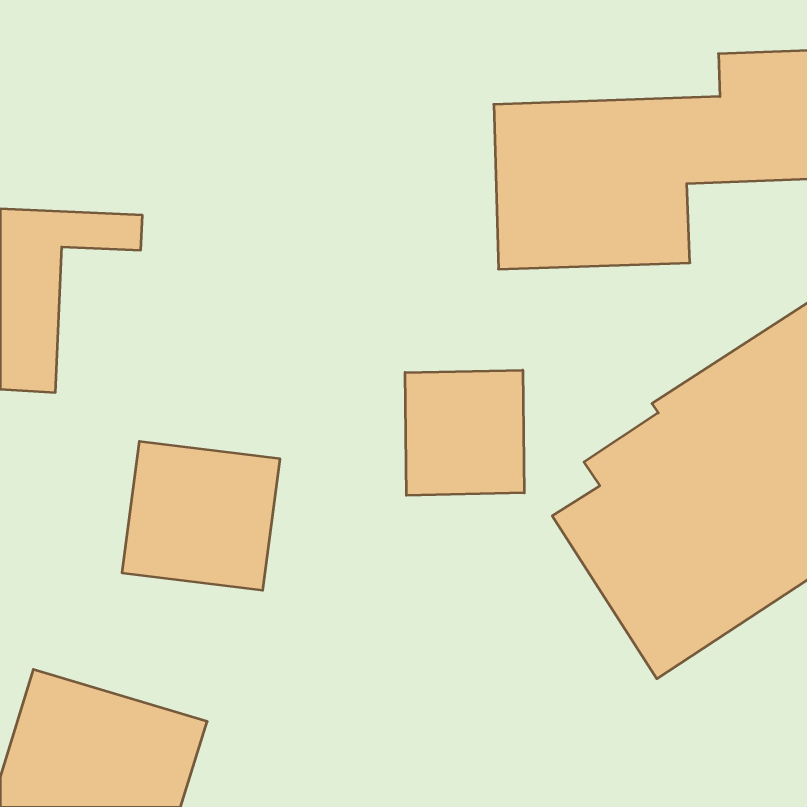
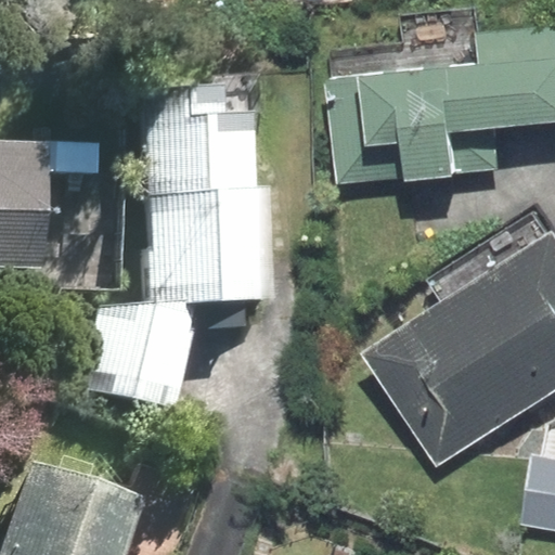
building: none -> [144,89,266,296]
building: [405,370,524,495] -> none

